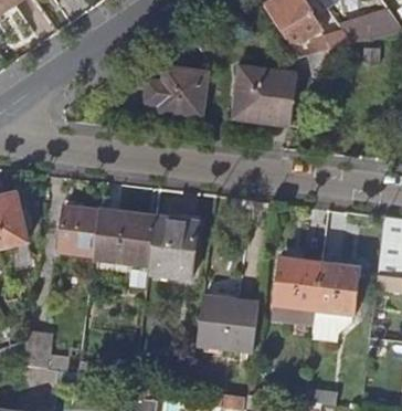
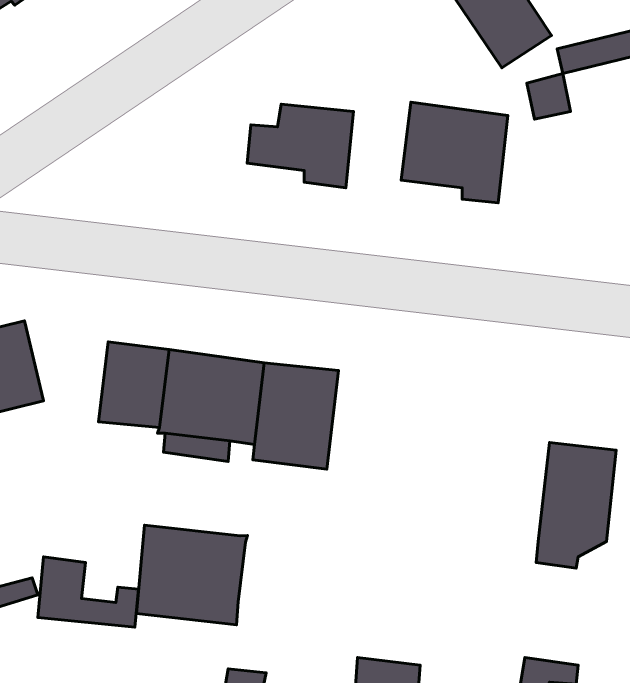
building: [276,259,320,320] -> none
building: [197,295,258,349] -> none
building: none -> [136,525,248,625]

